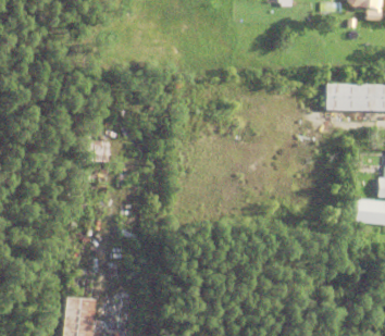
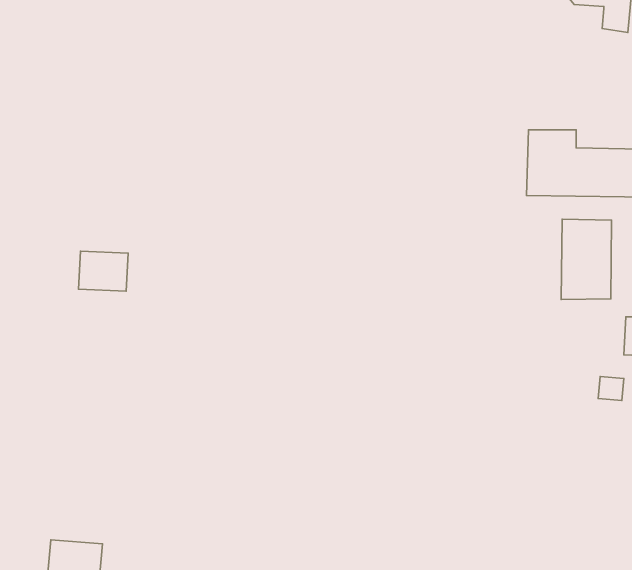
building: none -> [561,219,612,300]

